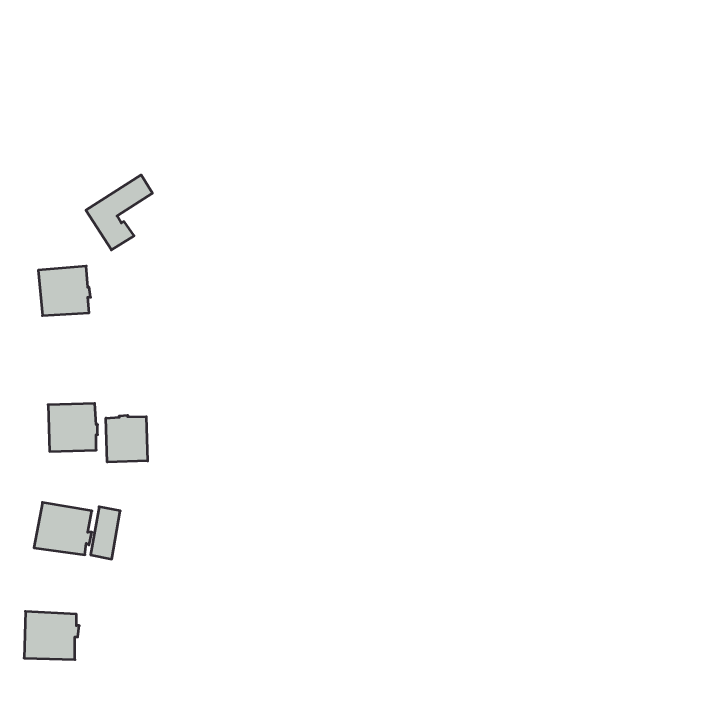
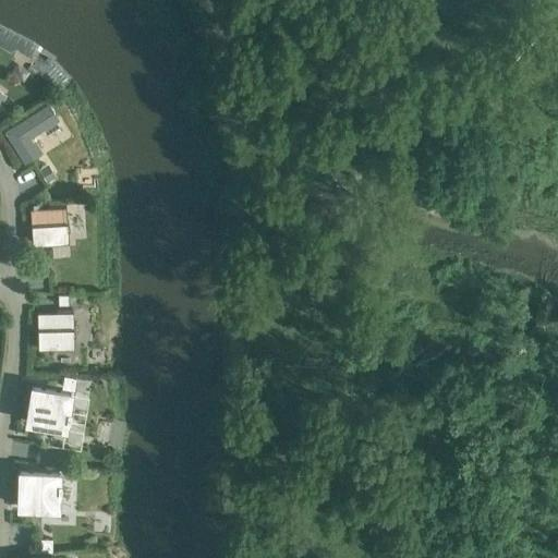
building: [86,175,152,250] -> [5,108,57,166]
building: [106,415,148,462] -> none

